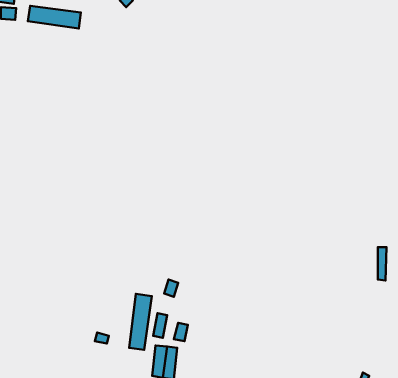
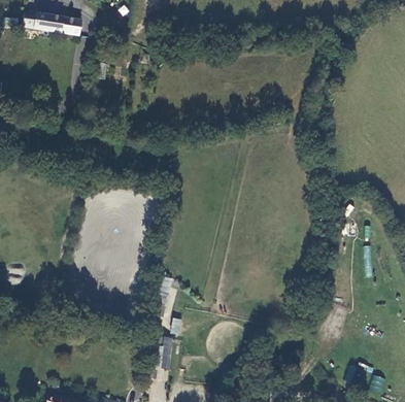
building: [129,294,152,350] -> none

